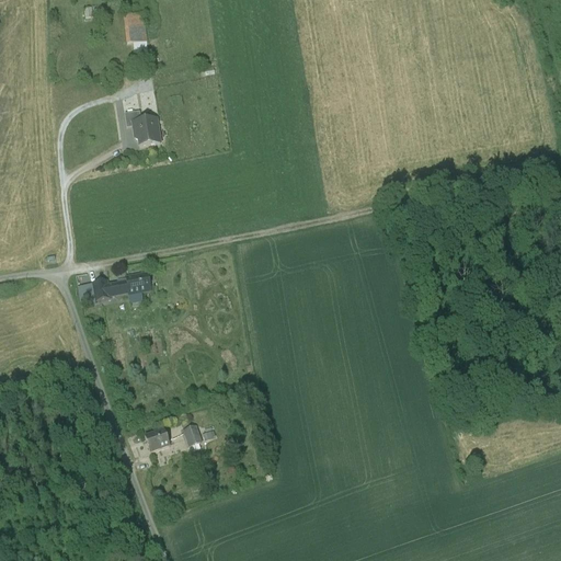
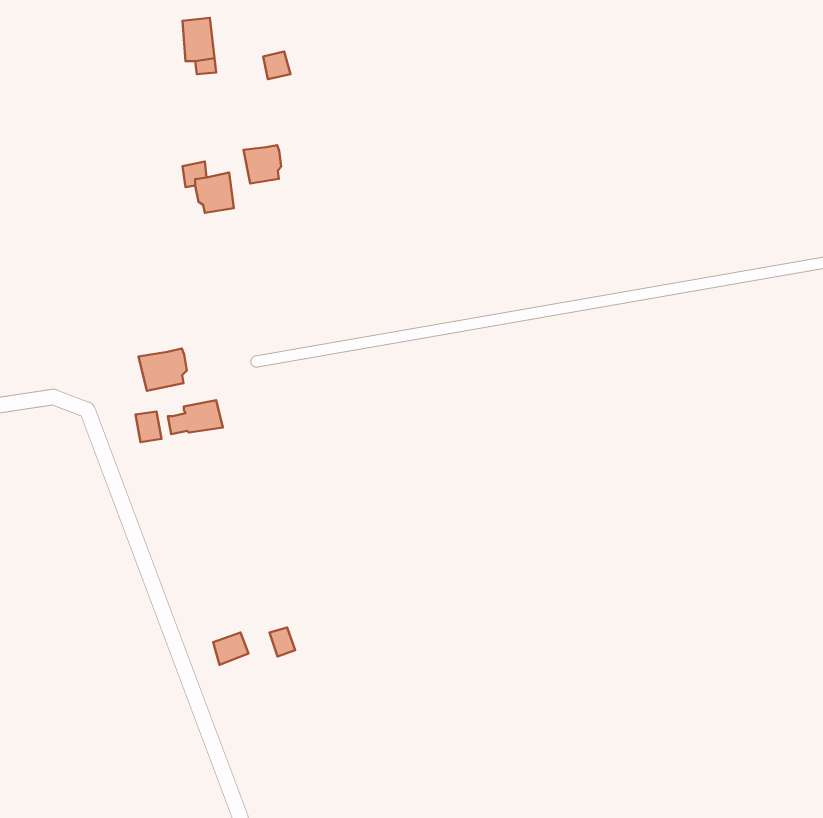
building: none -> [244,145,281,184]
building: none -> [139,349,187,391]

